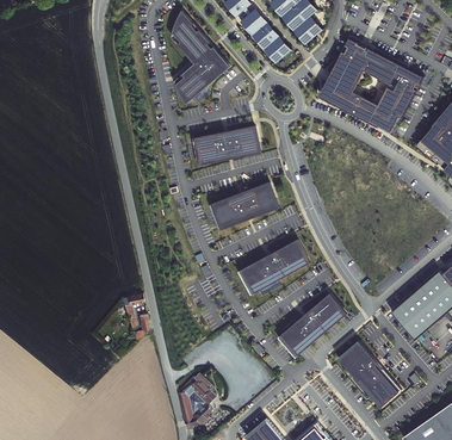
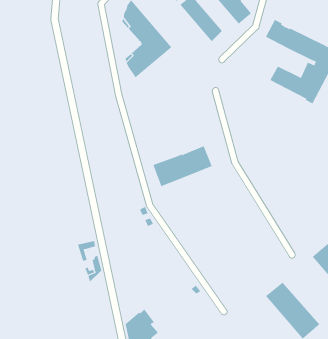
building: [317,57,363,109] -> none
building: [190,126,258,165] -> none
building: [236,238,310,295] -> none
building: [277,293,346,358] -> none

